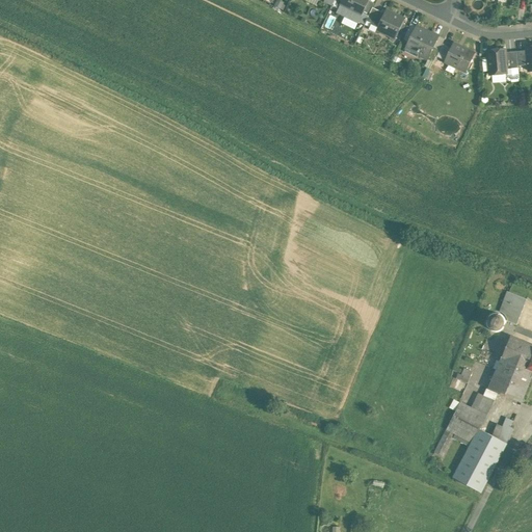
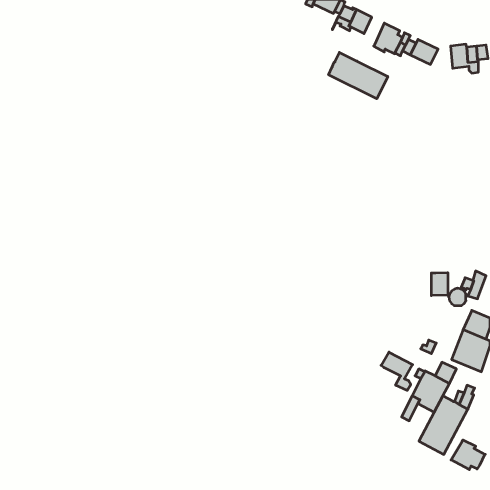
building: none -> [329,52,388,99]
building: none -> [431,273,448,296]
building: none -> [381,352,413,390]
building: none -> [451,440,485,470]

